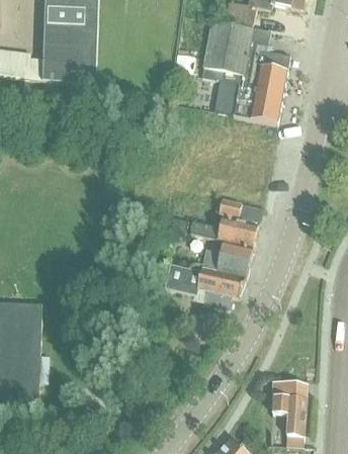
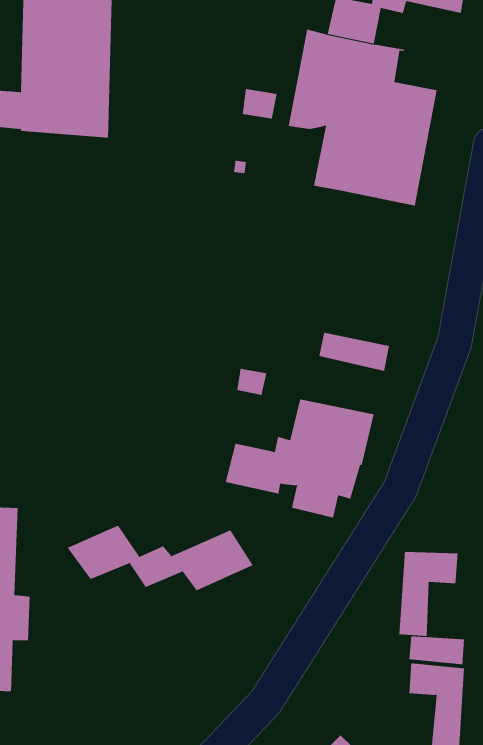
building: [190,216,258,247] -> none
building: none -> [67,525,253,591]
building: none -> [399,551,458,637]

